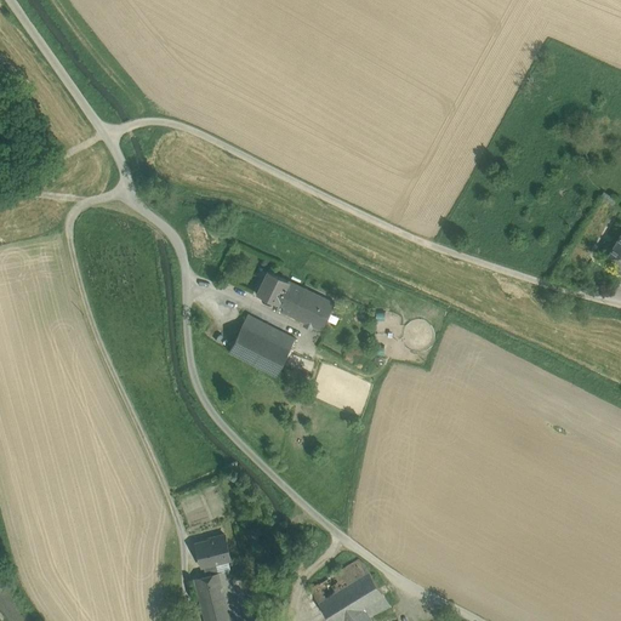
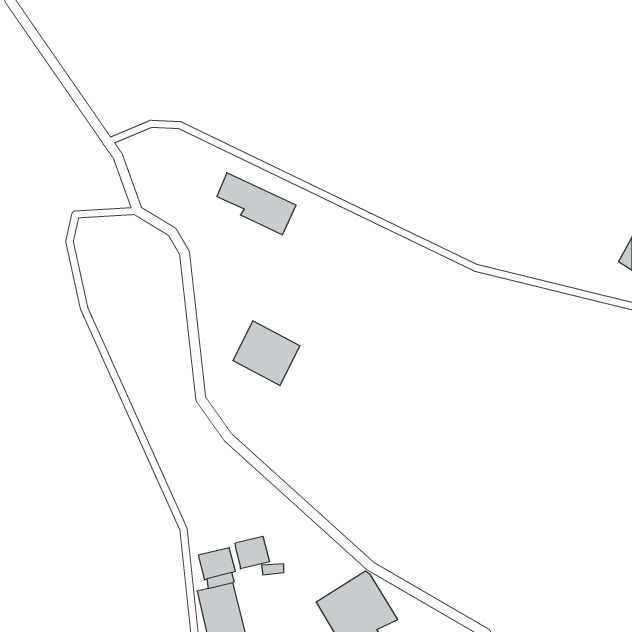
building: [256,272,334,332] -> [217,173,296,235]
building: none -> [235,536,270,569]

